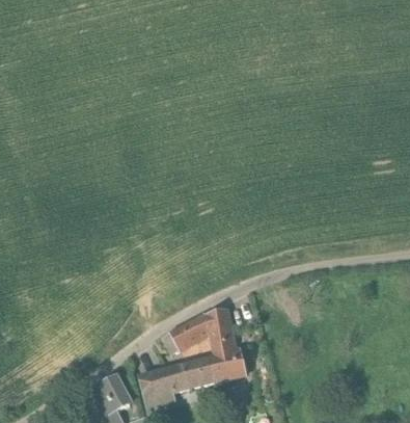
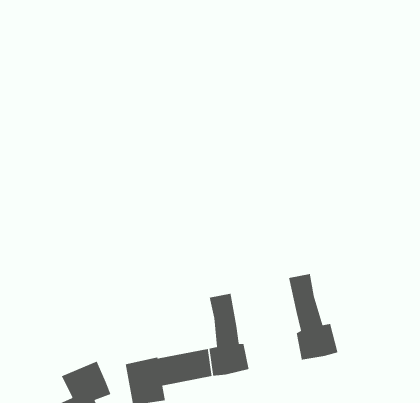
building: none -> [288,273,338,360]
building: [164,313,213,352] -> none

